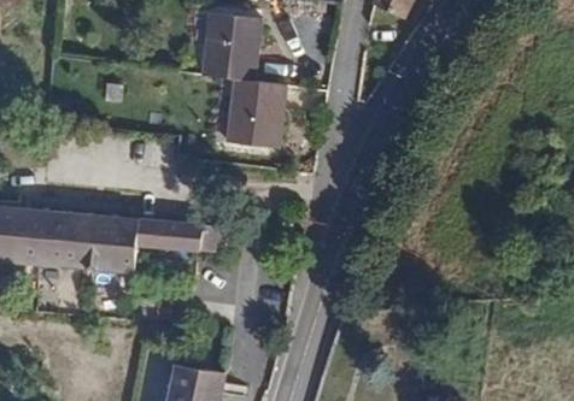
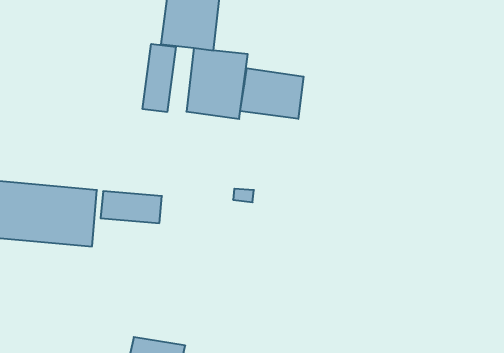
building: none -> [143,44,176,112]
building: none -> [240,68,304,119]

